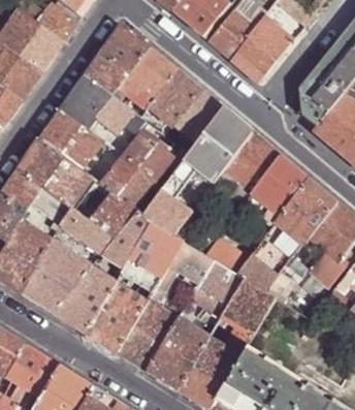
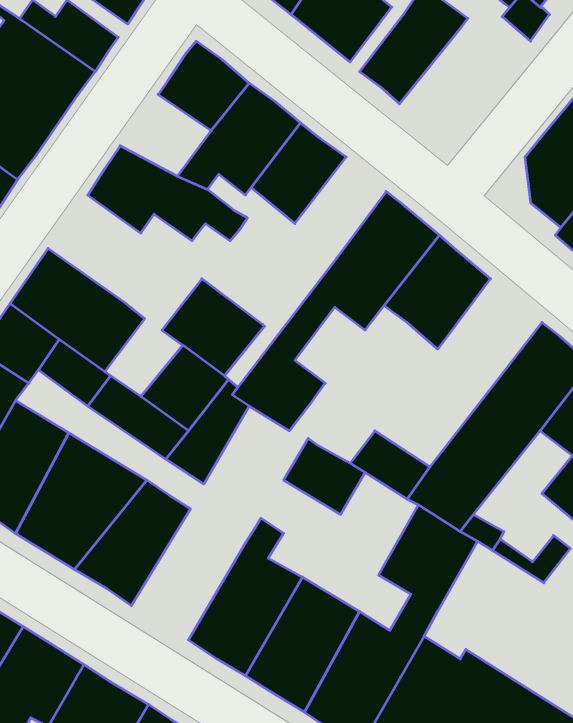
building: [230,18,292,84] -> none
building: [78,55,128,99] -> none
building: [173,89,223,144] -> none
building: [39,109,103,168] -> none
building: [123,128,175,180] -> none
building: [252,155,308,216] -> none
building: [121,224,181,290] -> none
building: [189,260,240,316] -> none
building: [85,280,147,351] -> none

